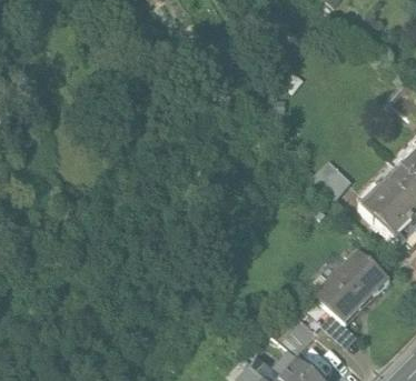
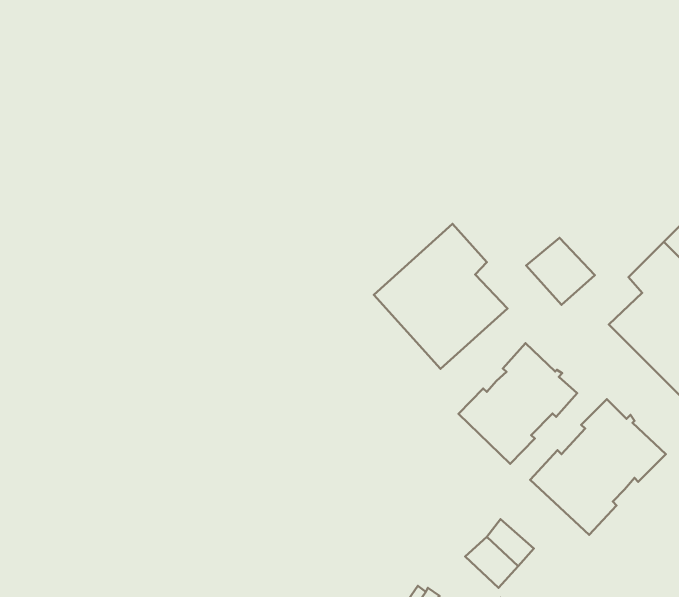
building: none -> [374,224,507,369]
building: none -> [459,343,577,464]

